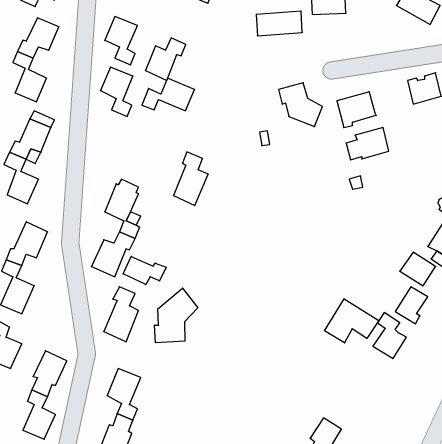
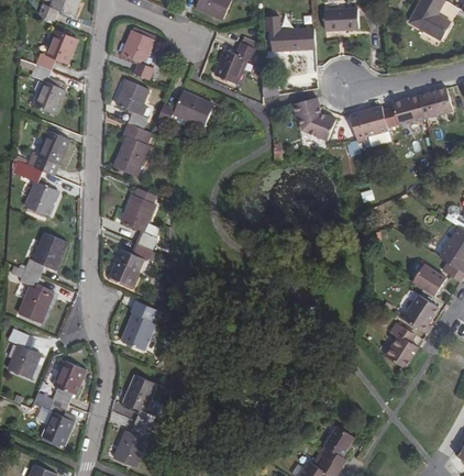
building: [145,38,186,80] -> [217,42,256,84]
building: [346,127,389,160] -> [383,95,424,126]
building: [173,152,208,206] -> [115,123,150,176]
building: [123,256,166,285] -> none
building: [154,288,198,343] -> none
building: [325,299,379,343] -> none

